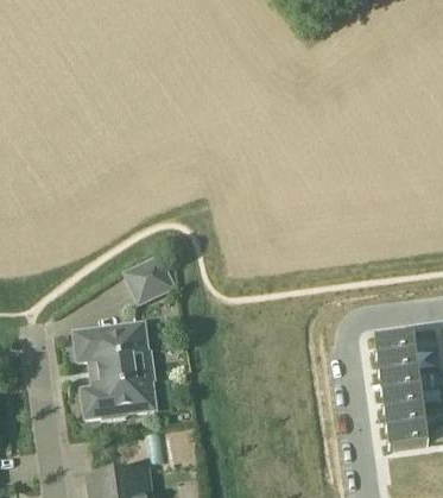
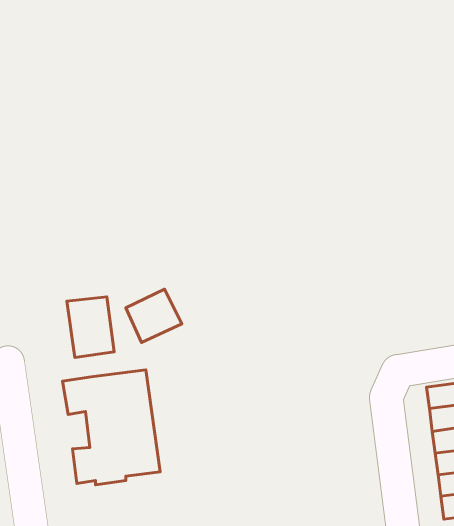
building: none -> [67,297,114,358]

